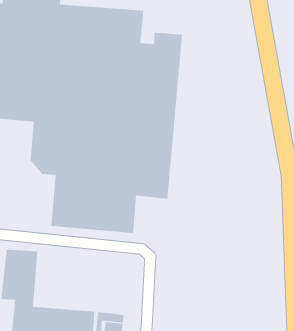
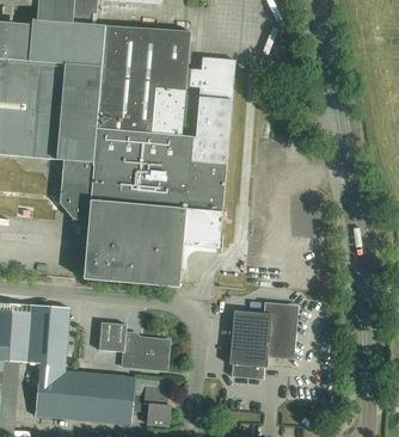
building: none -> [229,301,299,378]
building: none -> [99,321,170,369]

